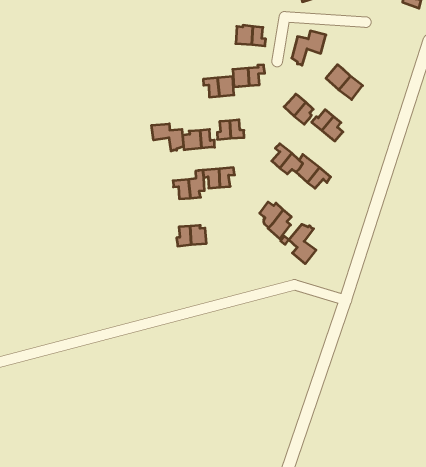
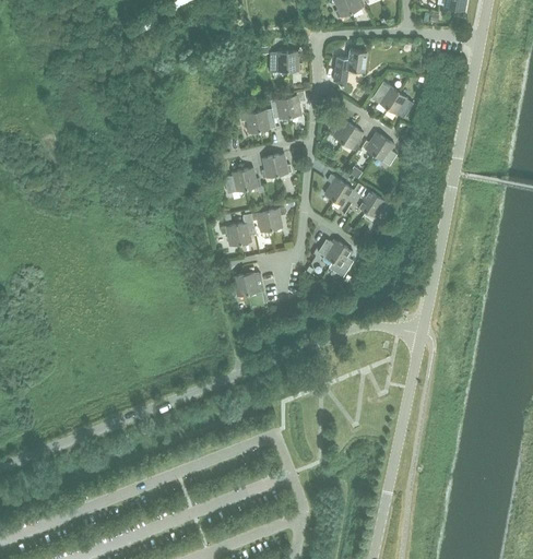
building: [152,124,184,151] -> none
building: [289,224,316,264] -> none

